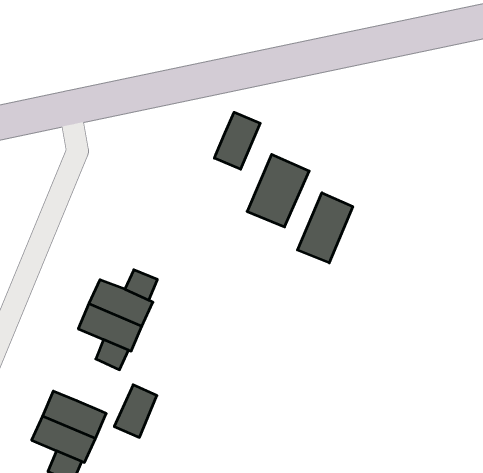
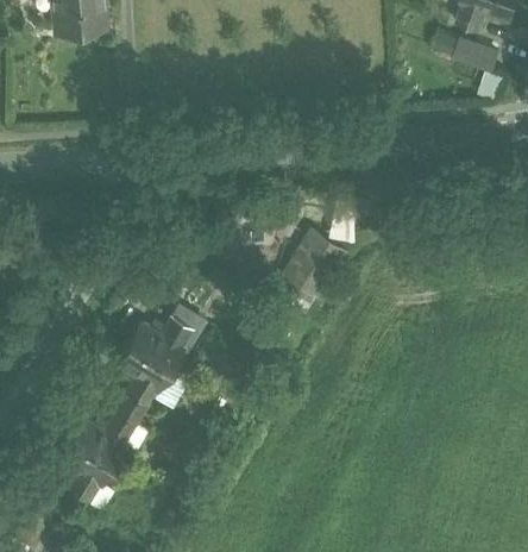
building: [214,112,260,169] -> none
building: [297,193,353,263] -> none
building: [114,385,157,437] -> [102,391,145,440]

